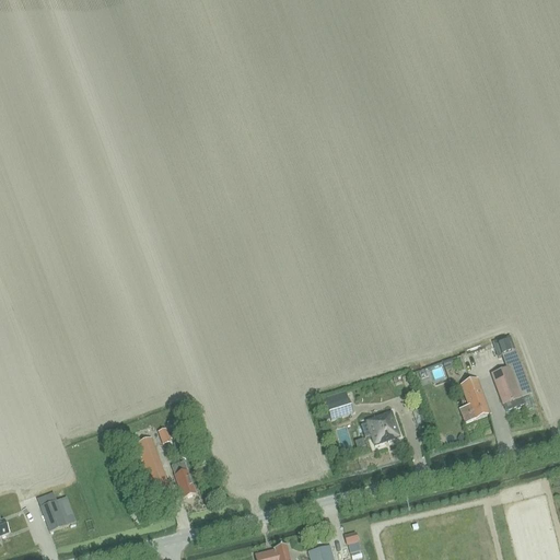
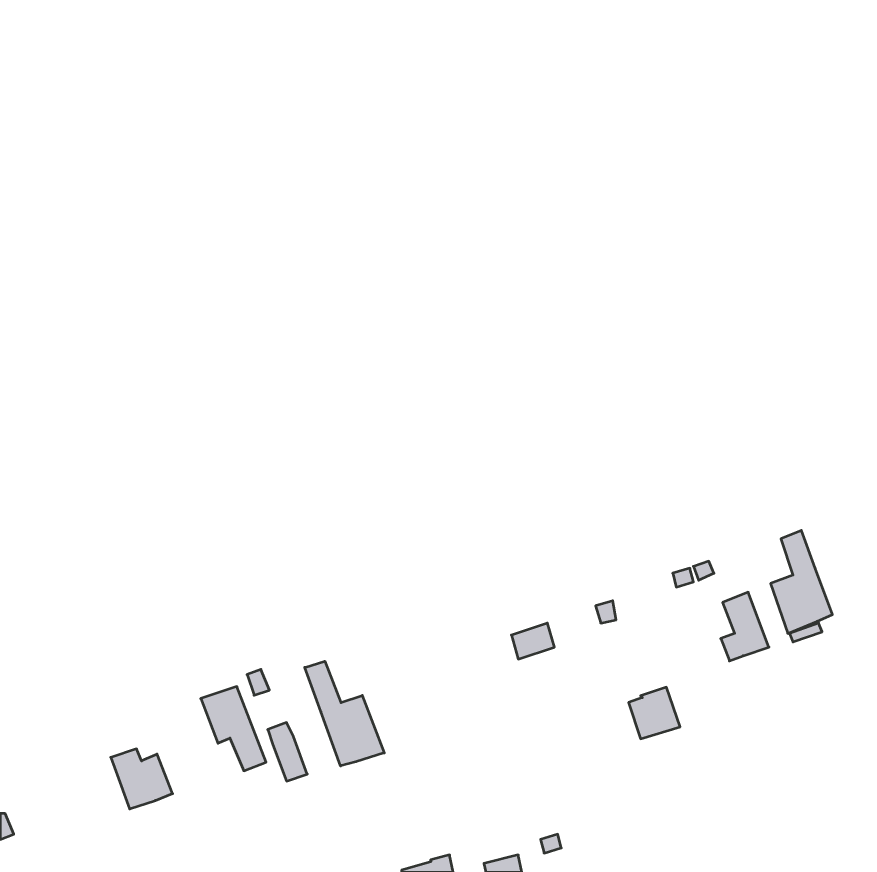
building: [366,411,399,444] -> [629,687,680,739]
building: none -> [305,661,384,766]
building: [37,491,77,529] -> [111,749,173,809]

